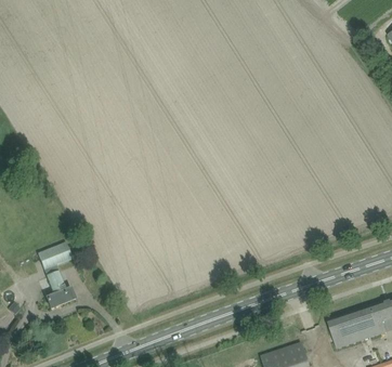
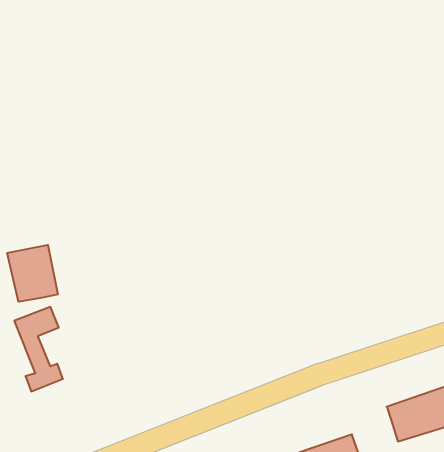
building: none -> [7,245,58,302]

